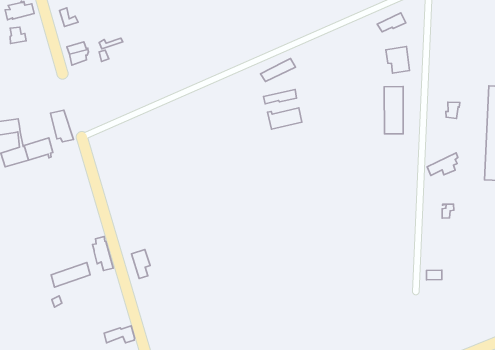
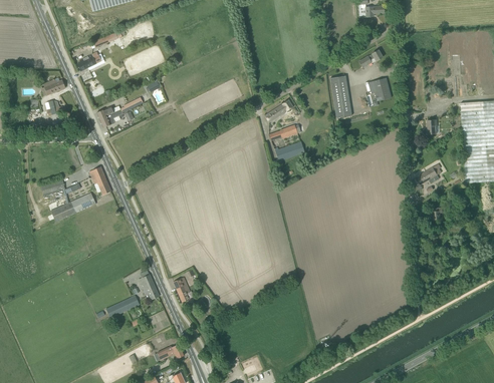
building: [384,87,403,134] -> [330,75,351,117]

